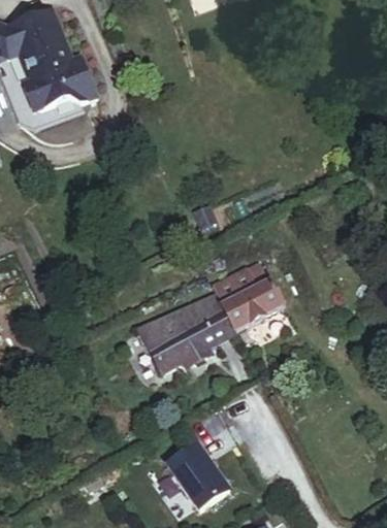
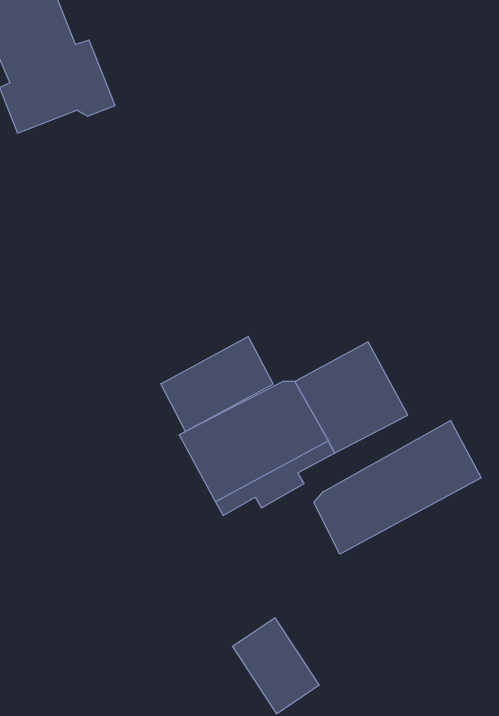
building: none -> [161,336,273,431]
building: none -> [314,420,481,554]

